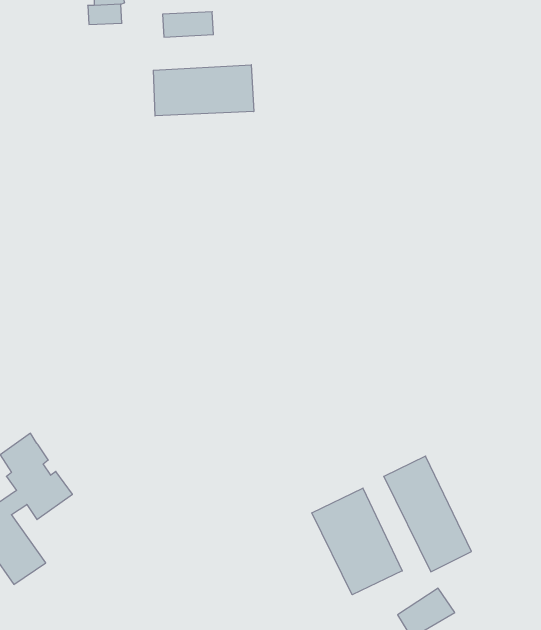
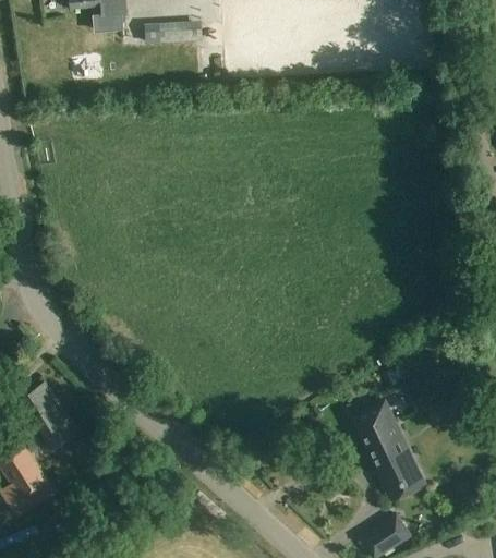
building: [153,65,254,116] -> none
building: [312,488,402,595] -> none

